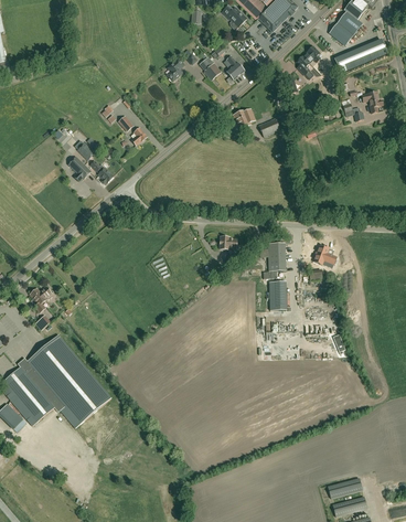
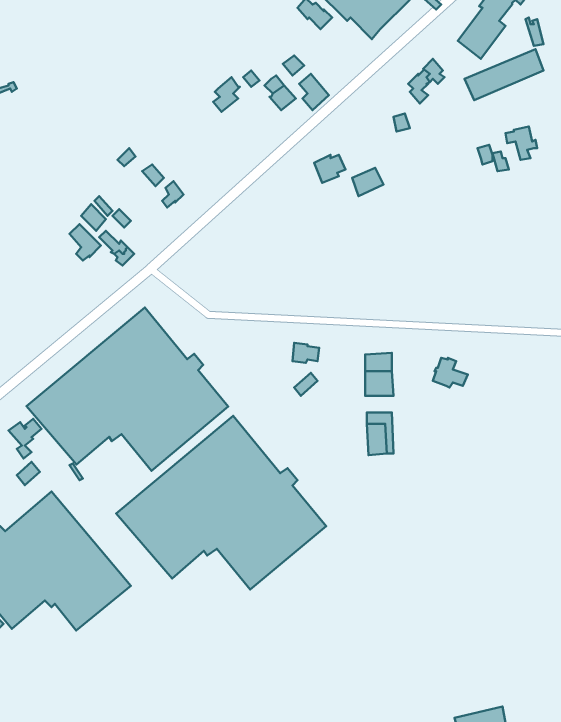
building: none -> [26,307,228,471]
building: none -> [116,416,326,590]

